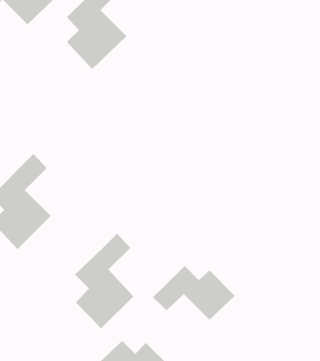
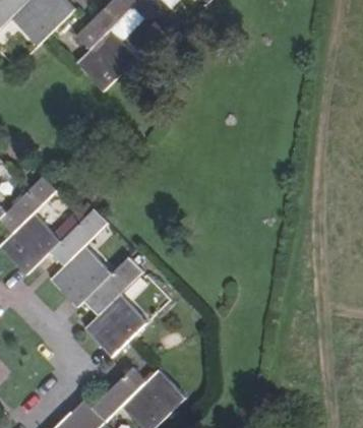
building: none -> [49,208,112,307]
building: [152,265,236,320] -> none

